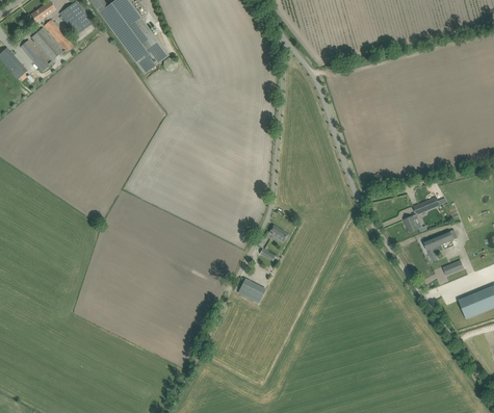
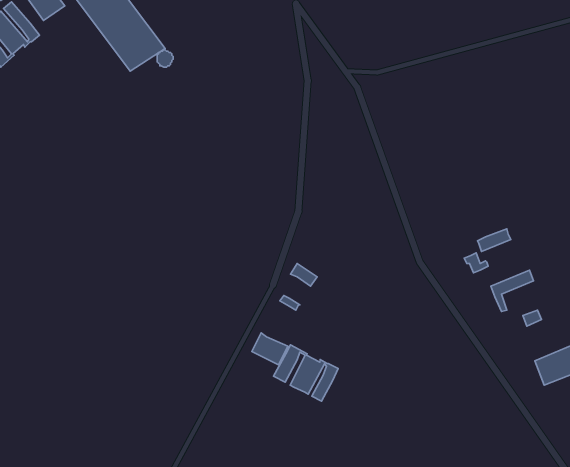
building: none -> [274,345,338,401]

